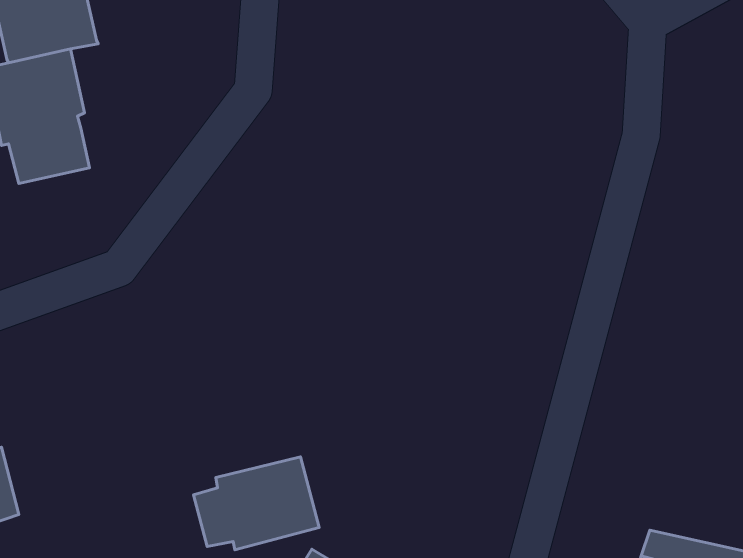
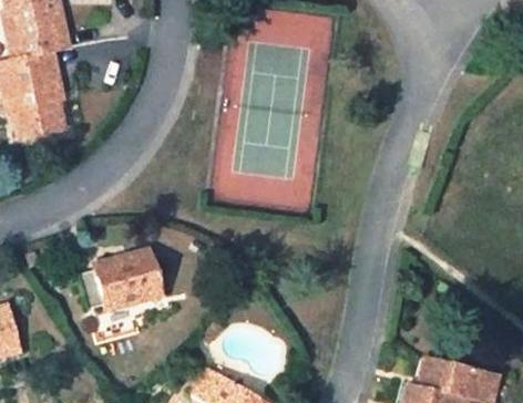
building: [194,457,319,550] -> [81,250,162,310]

